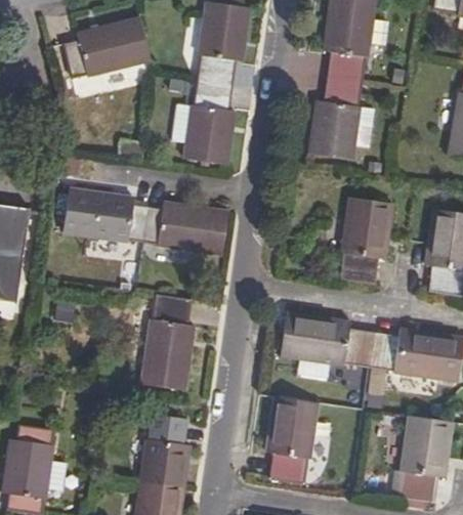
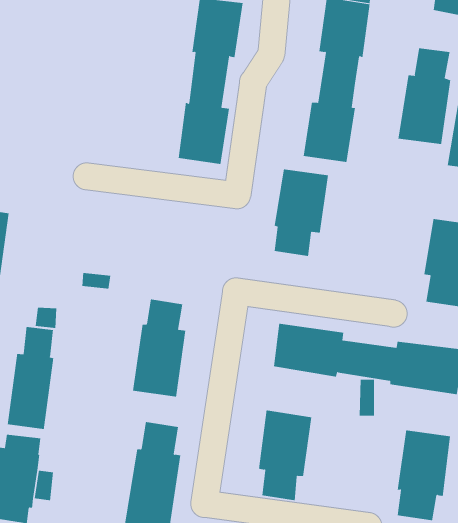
building: [67,16,153,74] -> none
building: none -> [398,47,451,145]
building: [68,186,228,253] -> none
building: [340,202,393,287] -> [274,169,329,257]
building: none -> [7,326,54,430]

